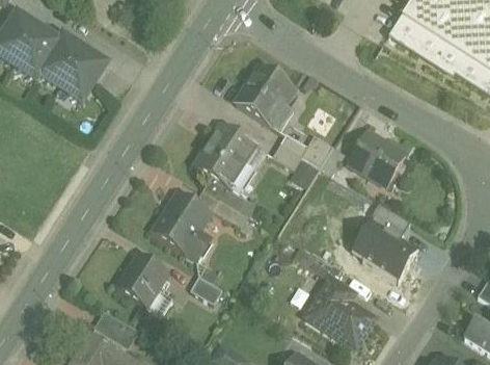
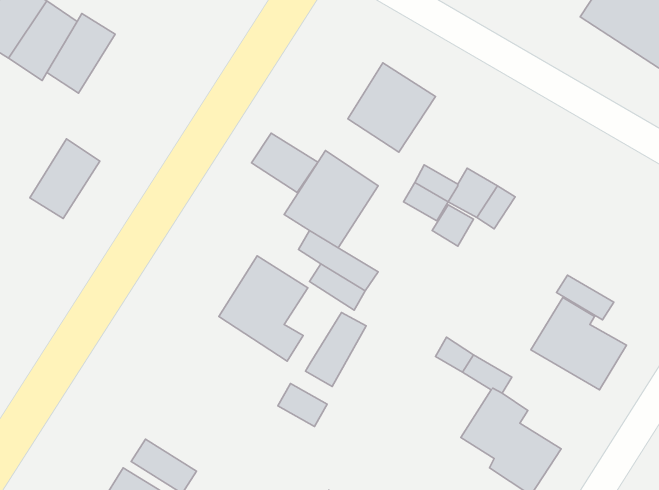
building: [60,46,106,98] -> [30,139,100,219]
building: none -> [251,133,318,192]
building: [348,129,405,184] -> none
building: none -> [305,313,366,386]
building: [116,252,168,305] -> none

